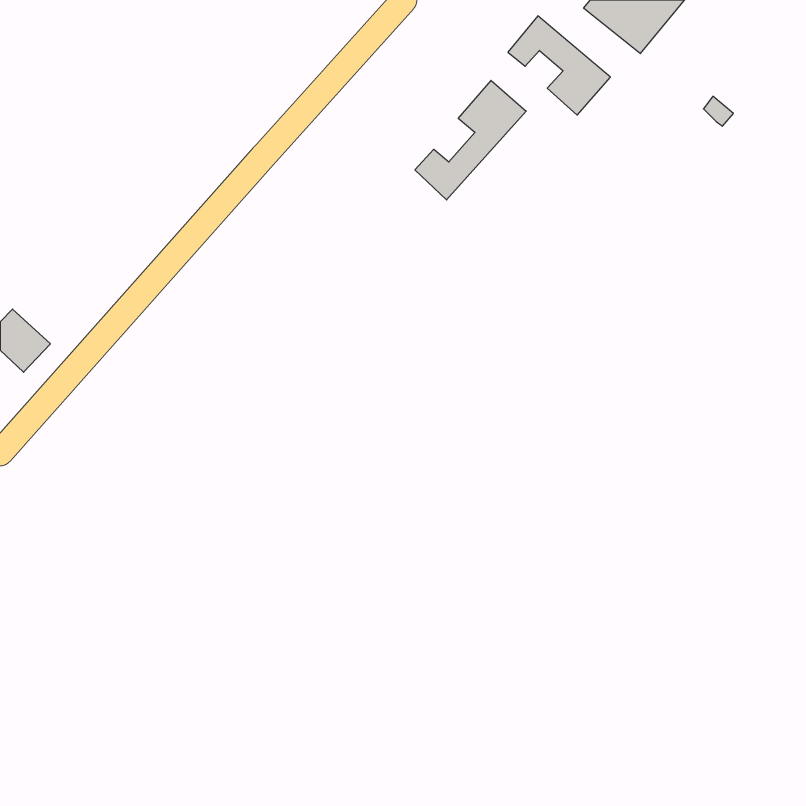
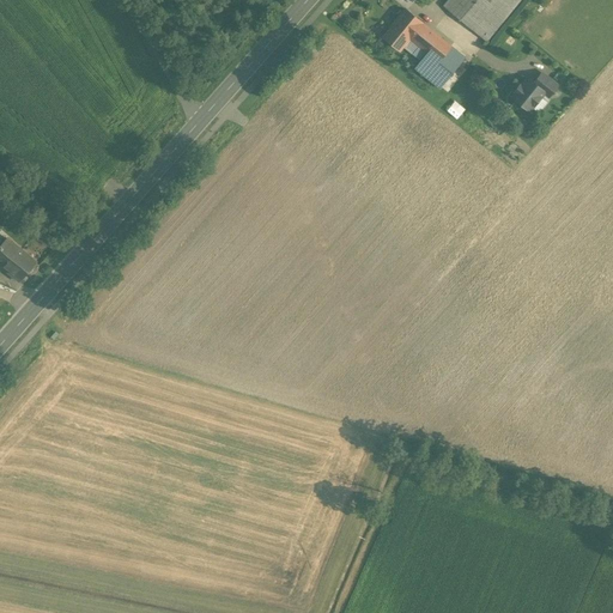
building: [415,80,526,200] -> none
building: none -> [512,78,544,110]

